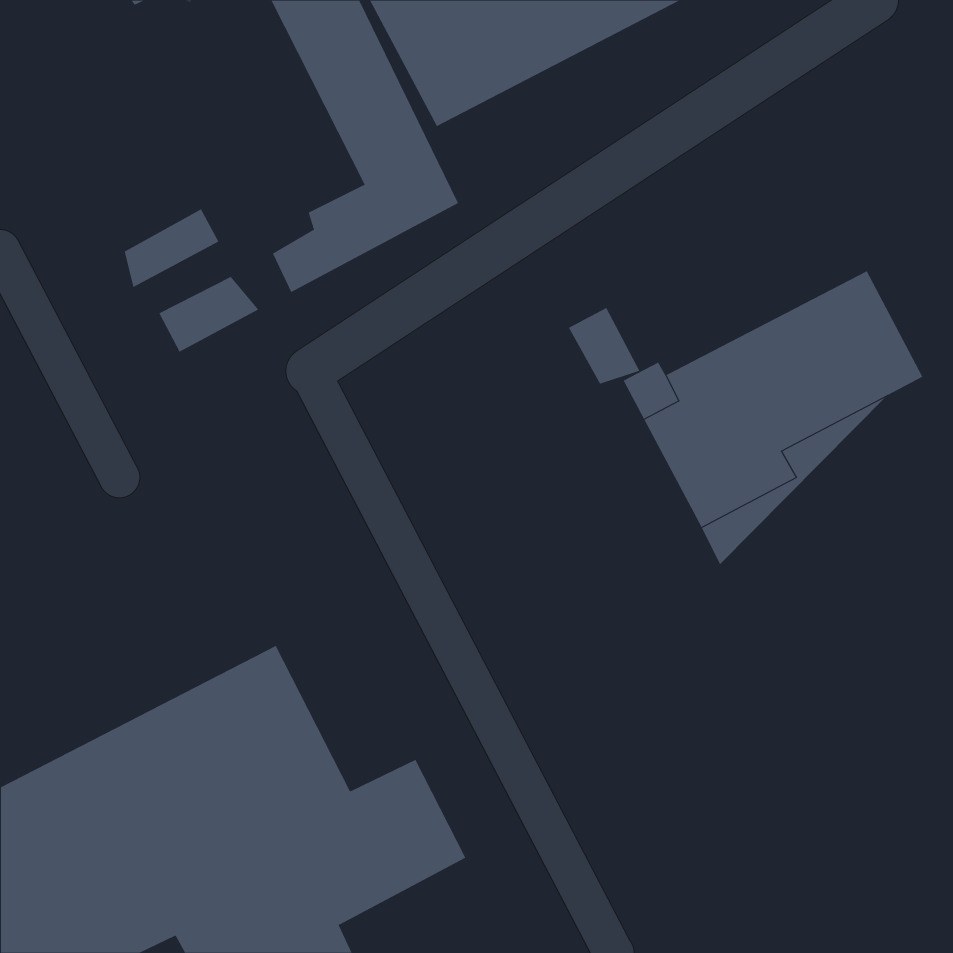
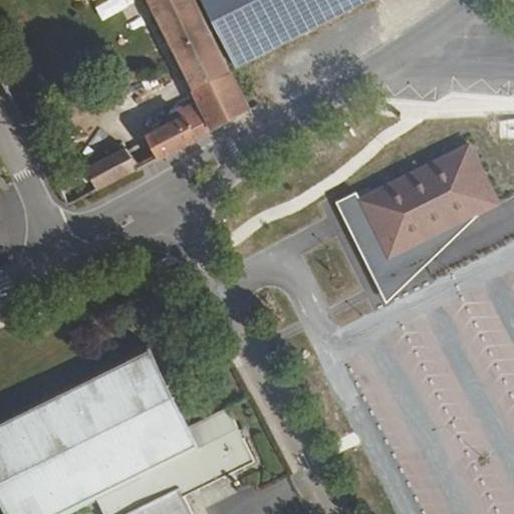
building: [124,209,219,288] -> none
building: [568,307,640,385] -> none

